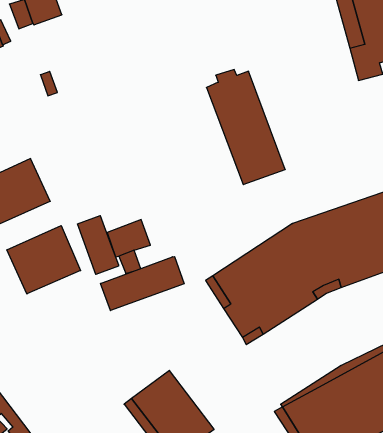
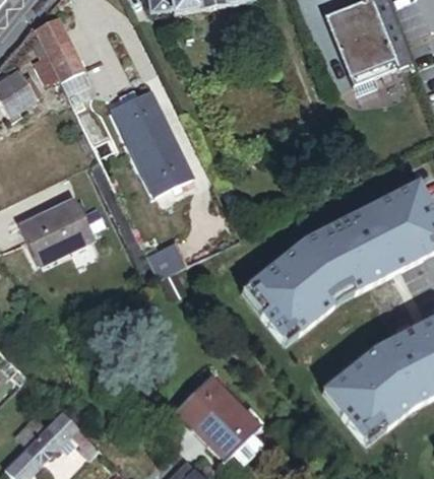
building: [206,70,285,185] -> [112,92,192,196]
building: [77,216,119,274] -> none
building: [7,226,81,294] -> none
building: [101,257,184,311] -> none

